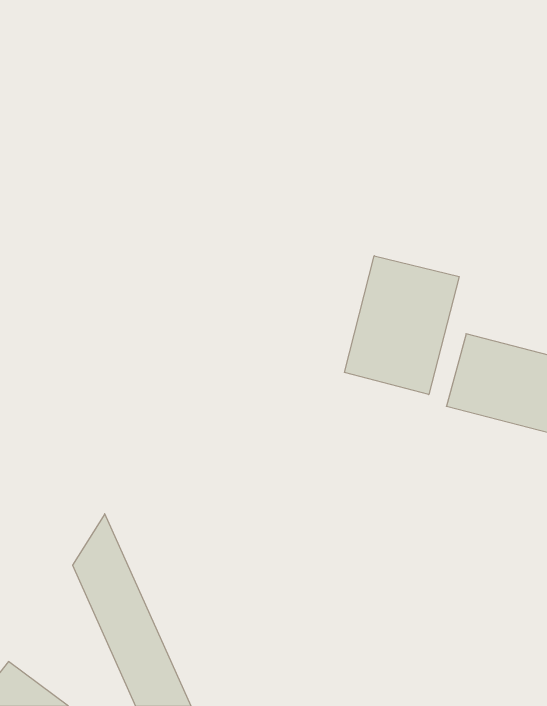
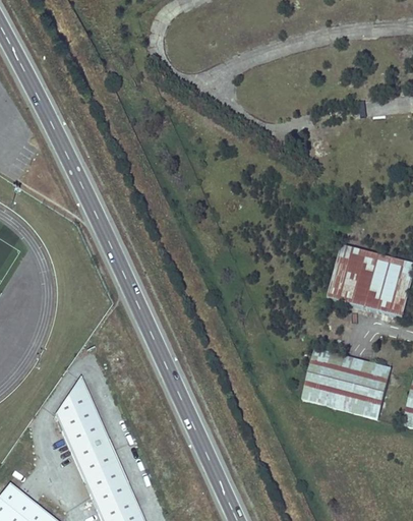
building: [345,256,459,395] -> none
building: none -> [304,348,390,417]

